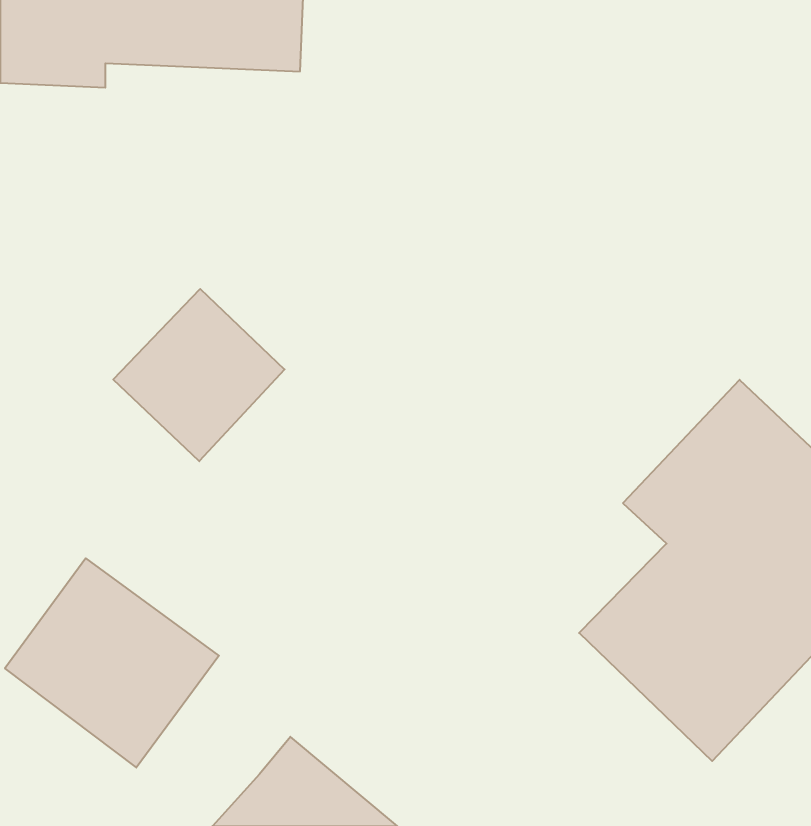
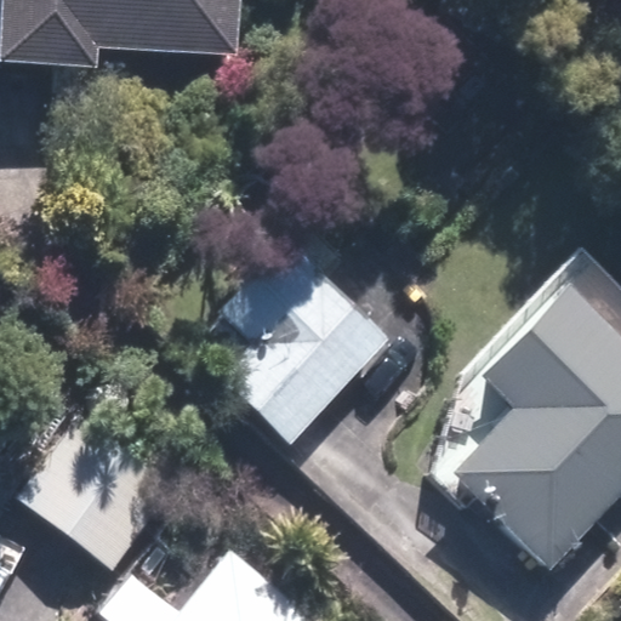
building: [113,289,285,461] -> none
building: none -> [215,239,391,445]

